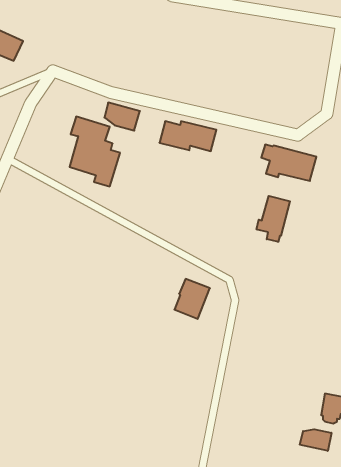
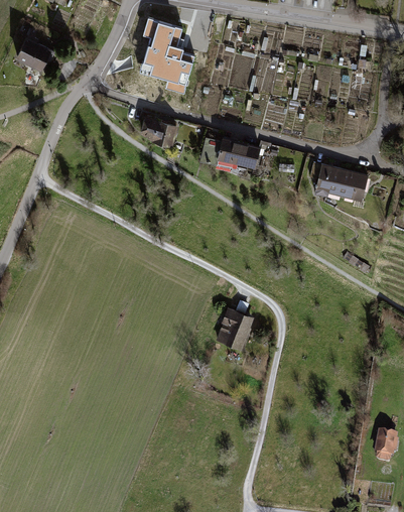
building: [70,117,120,186] -> [139,17,193,93]
building: [257,196,290,242] -> none
building: [300,429,331,451] -> none

